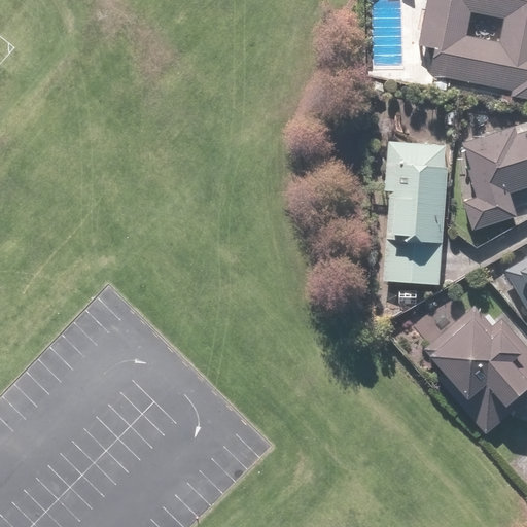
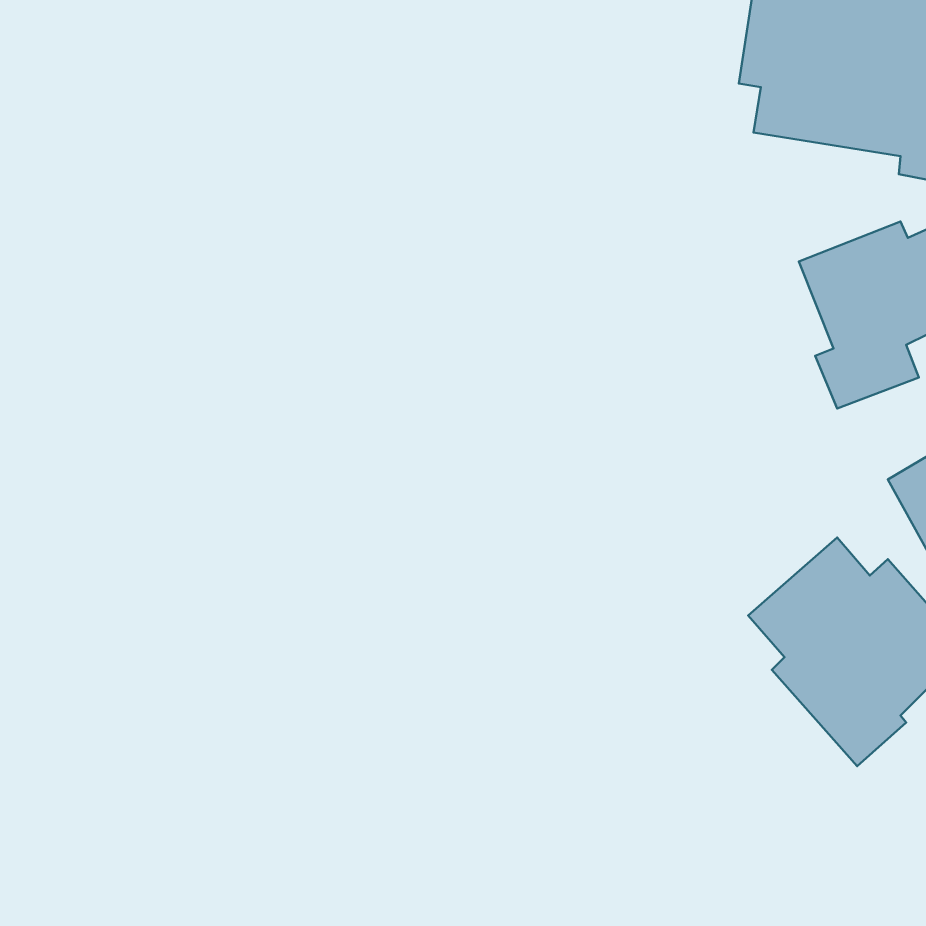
building: [383,142,459,286] -> none

